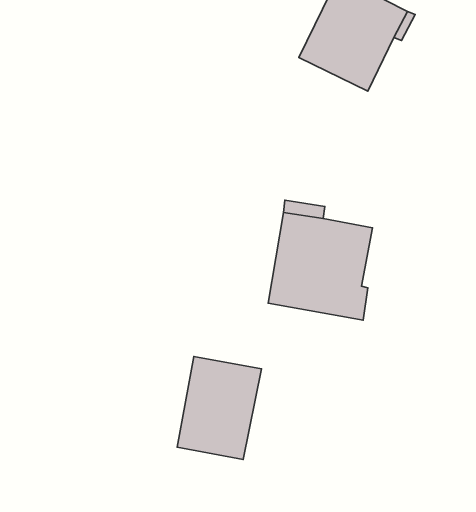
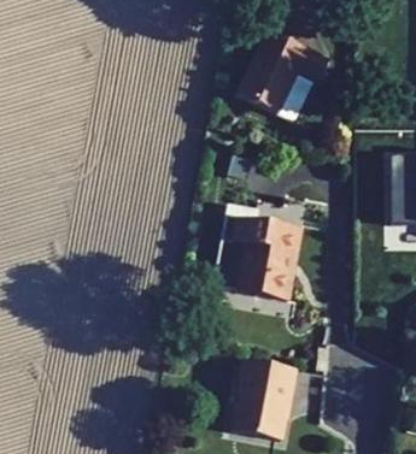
building: [177,356,261,459] -> [232,359,298,440]

